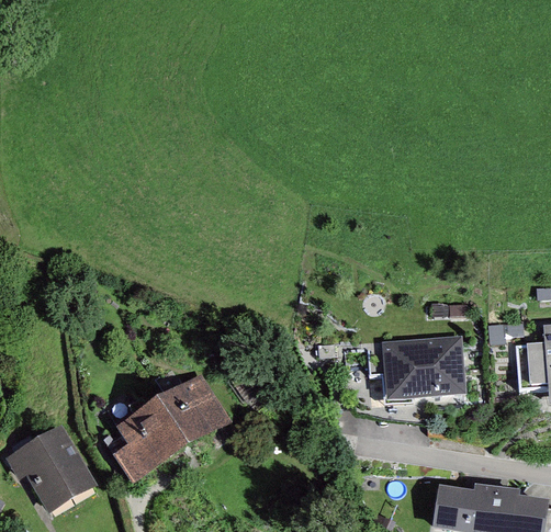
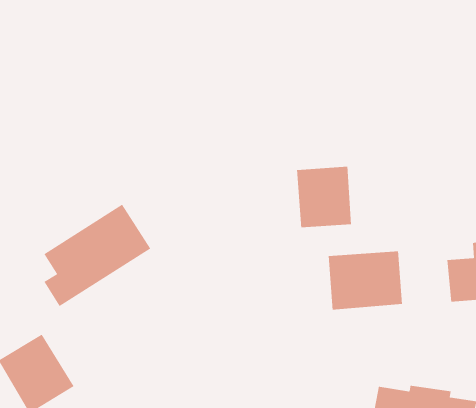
building: none -> [296,166,351,228]
building: [114,374,234,488] -> [43,204,151,307]

